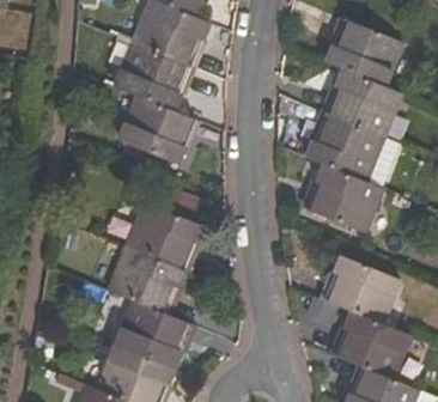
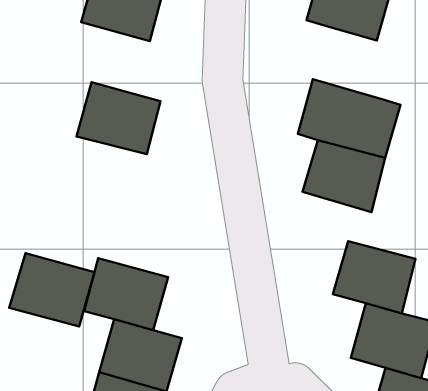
building: [114,43,189,110] -> none
building: [326,69,401,138] -> none
building: [124,202,201,270] -> [9,253,94,327]

